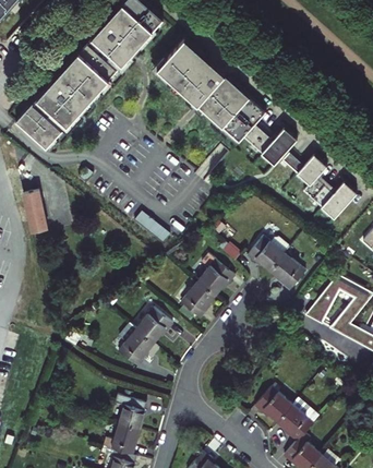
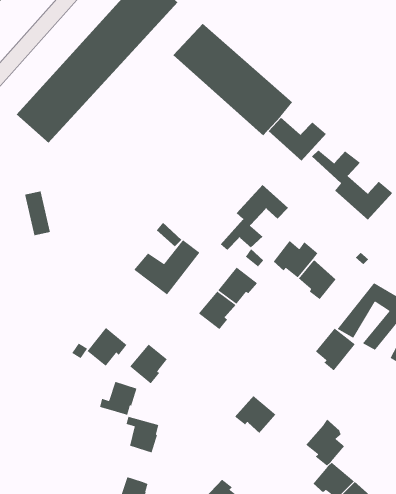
building: none -> [220,184,289,251]
building: none -> [133,239,201,295]
building: [135,308,172,344] -> [86,327,127,367]
building: none -> [315,327,356,372]
building: [254,386,292,421] -> [234,395,276,434]
building: [104,422,139,454] -> [99,381,138,416]

